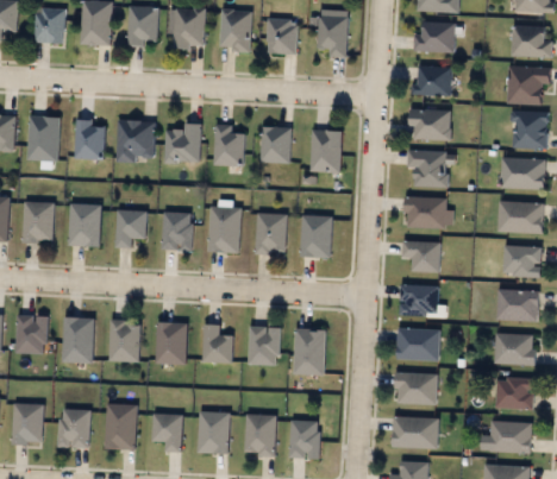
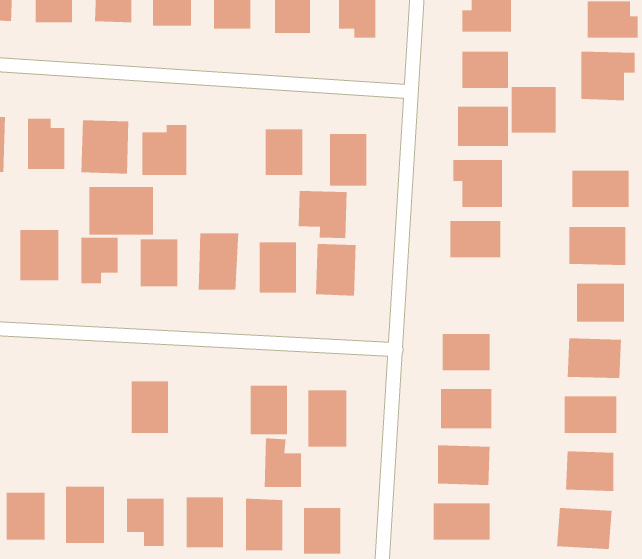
building: [511,111,546,147] -> [511,86,557,133]
building: [214,124,243,165] -> none
building: none -> [88,186,154,235]
building: none -> [298,190,347,239]
building: [402,241,439,271] -> none
building: [62,317,94,363] -> none
building: [109,320,139,361] -> none
building: [202,323,232,363] -> [264,437,302,488]

